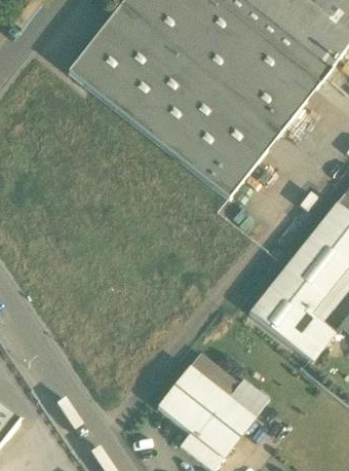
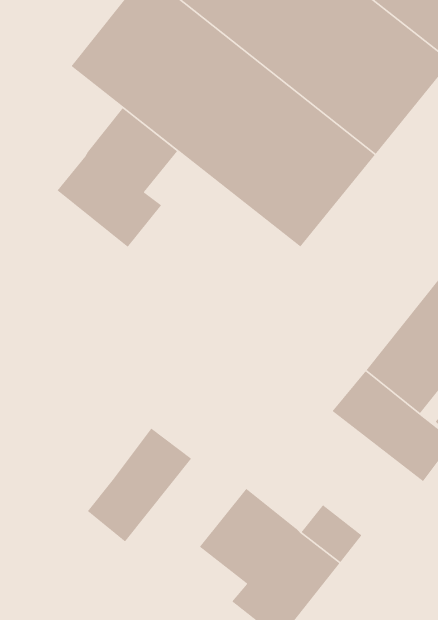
building: none -> [56,107,178,248]
building: none -> [87,428,192,543]
building: [189,352,235,394] -> none

